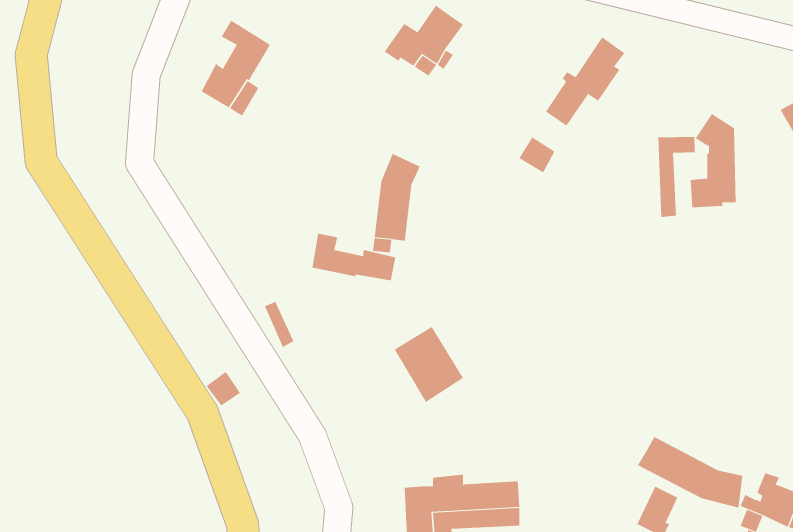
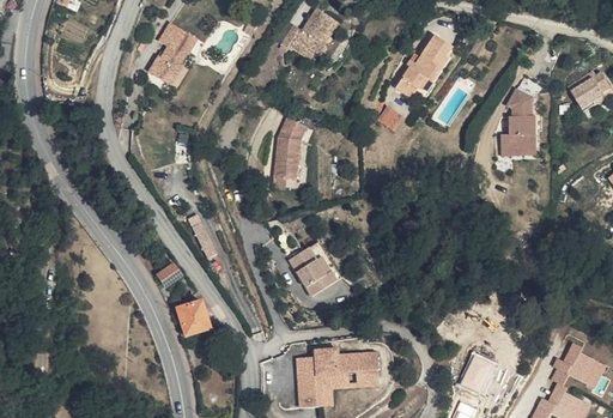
building: [658,136,695,218] -> none
building: [312,233,396,281] -> none
building: none -> [177,297,211,334]
building: [637,436,743,509] -> none

